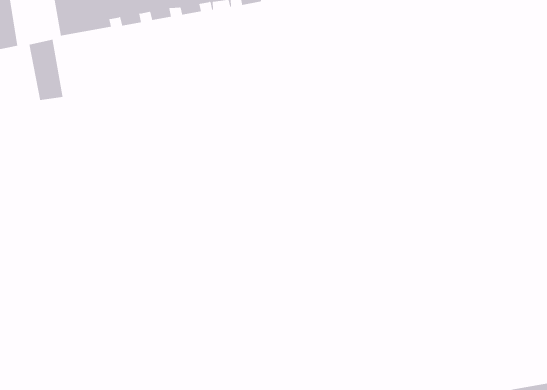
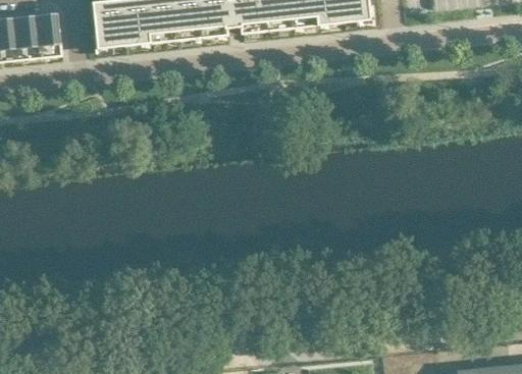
building: [29,39,63,101] -> none

